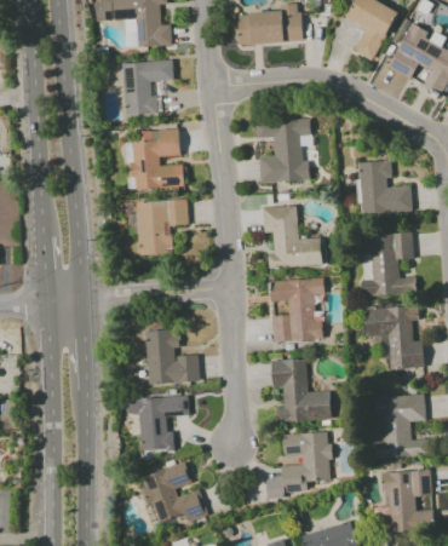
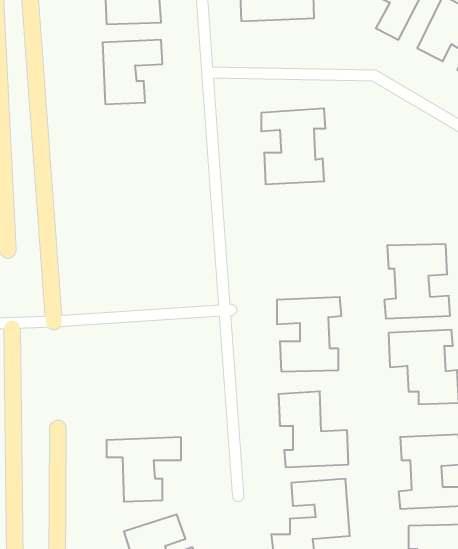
building: [127,128,184,189] -> none
building: [358,160,412,213] -> none
building: [137,199,188,254] -> none
building: [264,205,322,266] -> none
building: [147,328,199,384] -> none

